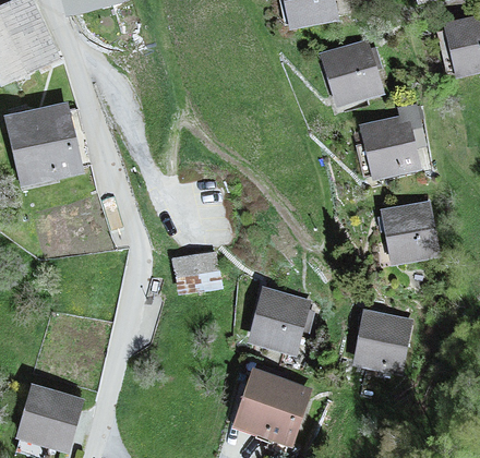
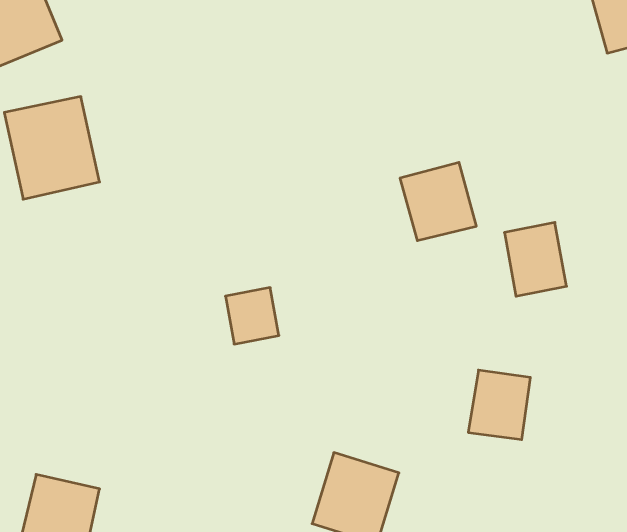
building: [322,43,379,107] -> none
building: [361,113,419,172] -> [400,162,476,241]
building: [249,292,301,348] -> none

